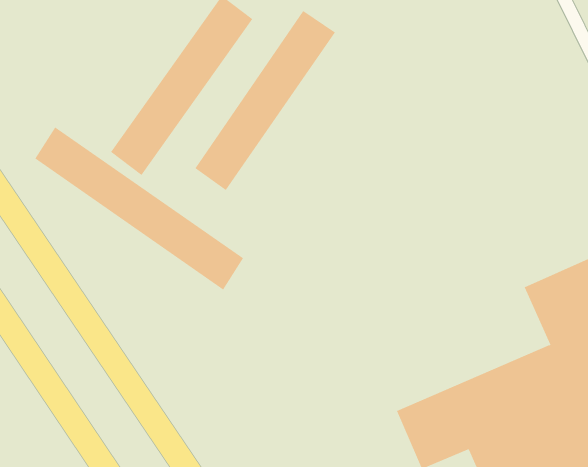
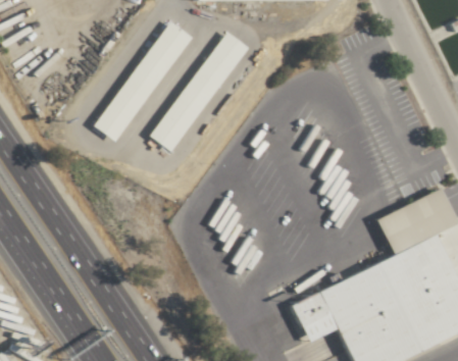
building: [34,127,244,290] -> none

